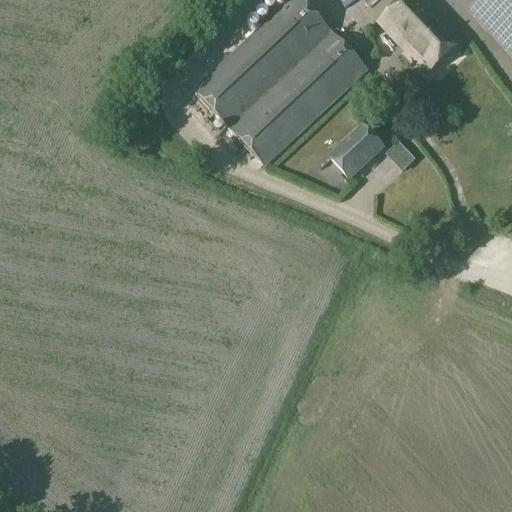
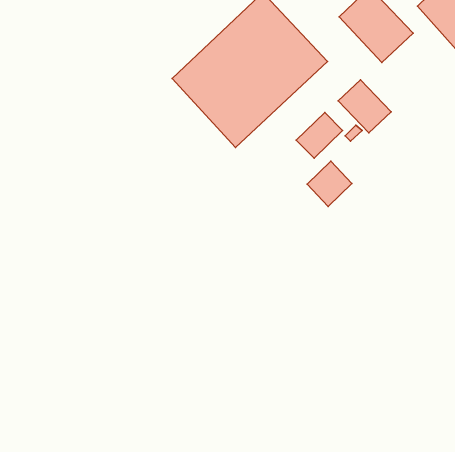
building: none -> [338,80,391,133]
building: none -> [307,161,352,207]

